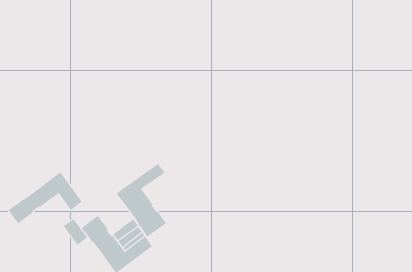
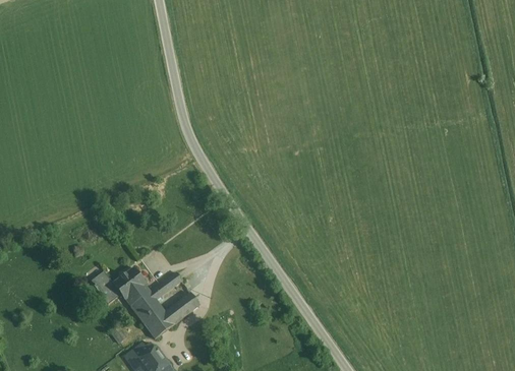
building: [116,163,167,238] -> none
building: [7,172,83,224] -> none

